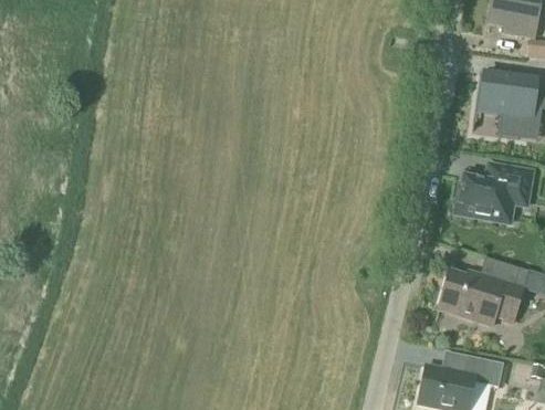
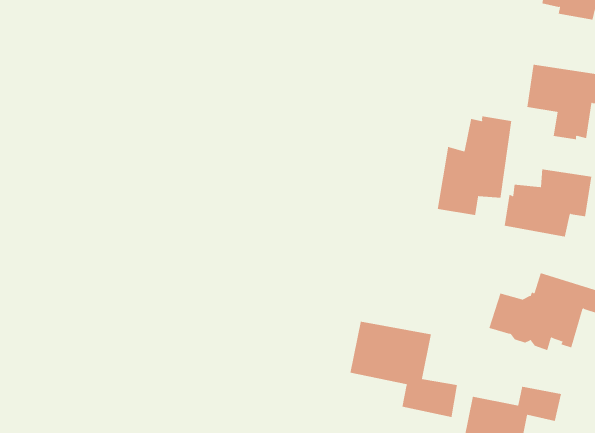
building: none -> [437,116,512,216]
building: none -> [350,321,457,418]

